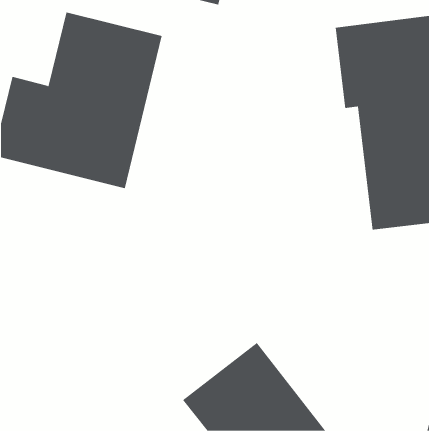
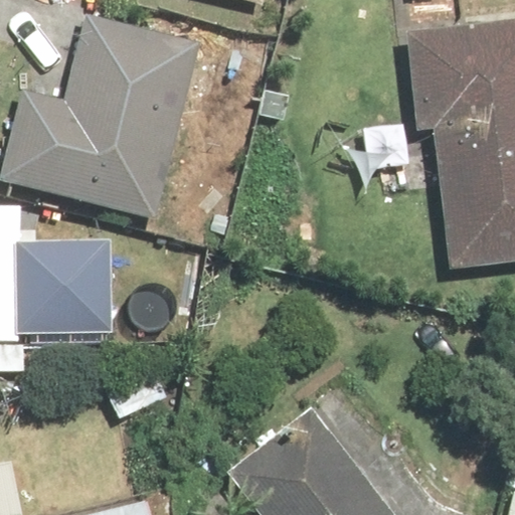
building: none -> [27,227,116,313]

